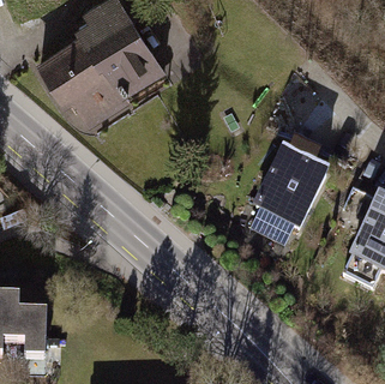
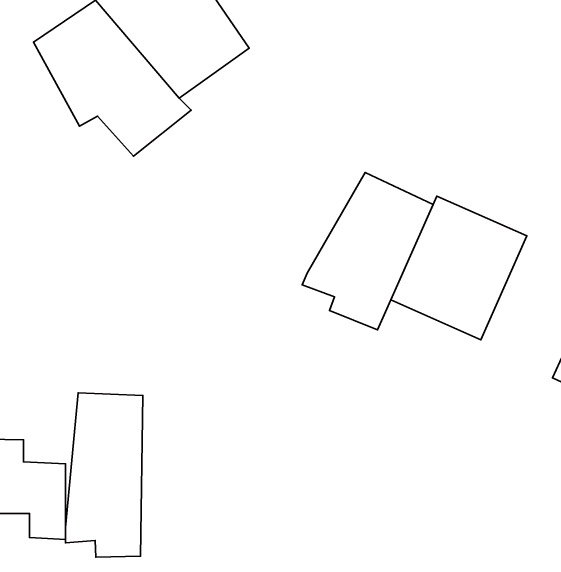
building: none -> [302,172,433,330]
building: none -> [65,393,143,557]

